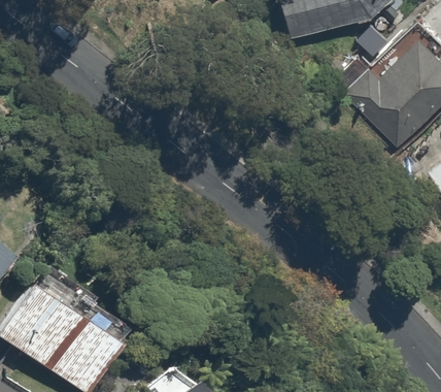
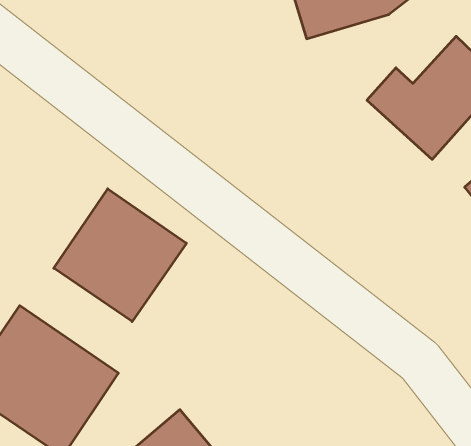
building: none -> [54,189,186,322]

